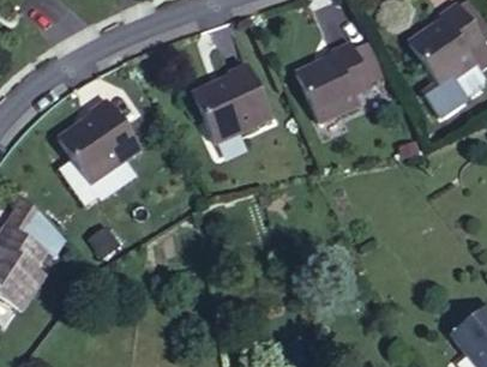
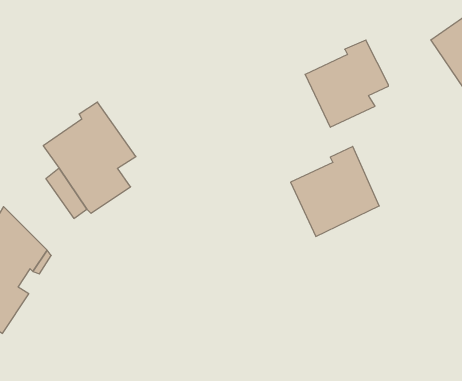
building: [191,61,271,143] -> [291,146,379,236]

